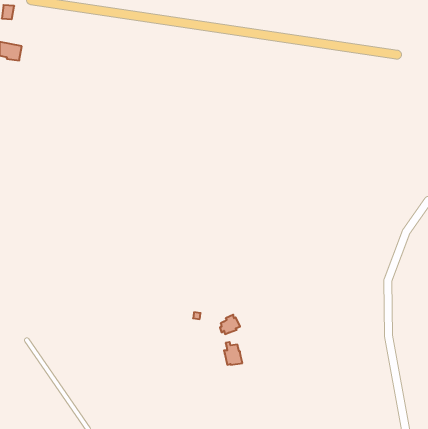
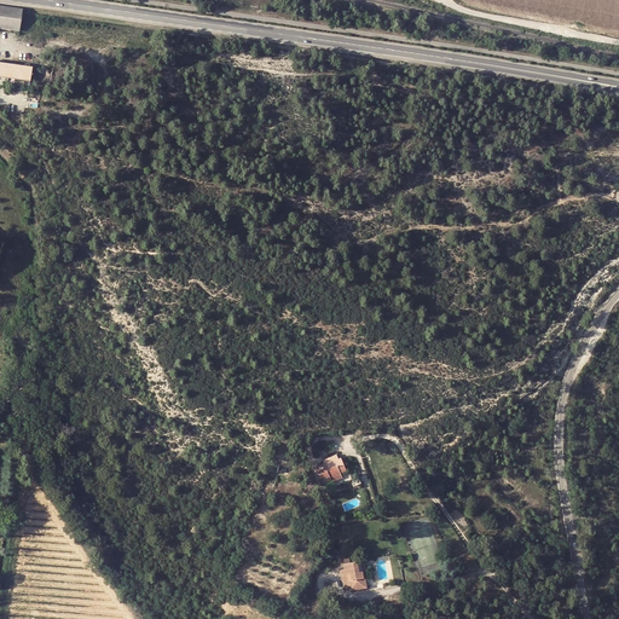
building: [224,342,242,365] -> [340,557,366,590]

